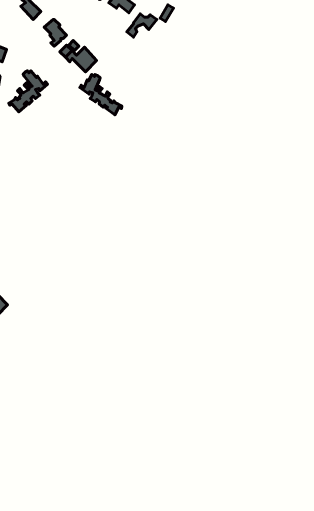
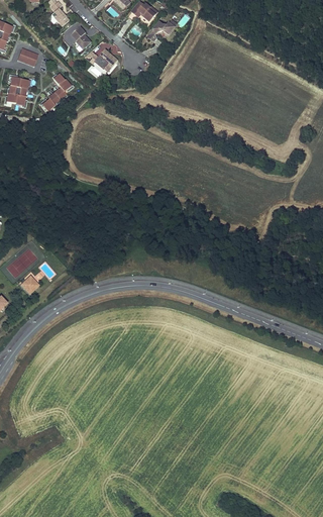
building: [80,74,122,115] -> none

